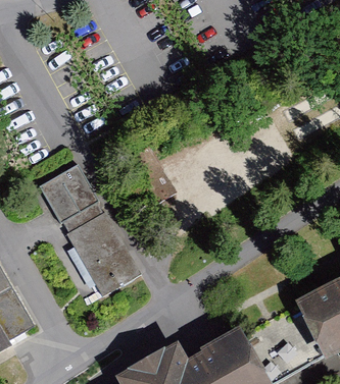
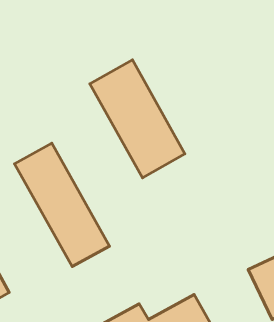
building: none -> [90,60,185,178]

